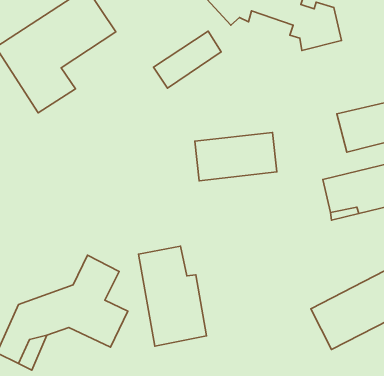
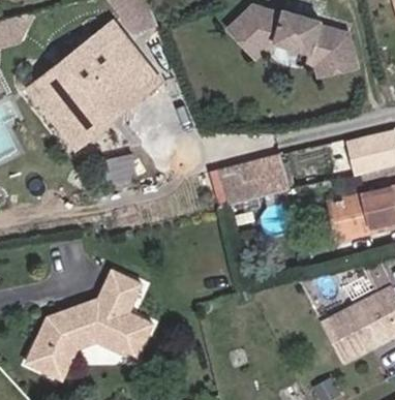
building: [153,31,221,88] -> [87,61,151,115]
building: [138,246,206,346] -> none

